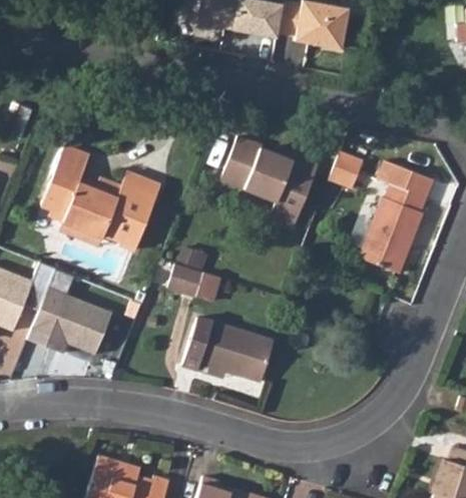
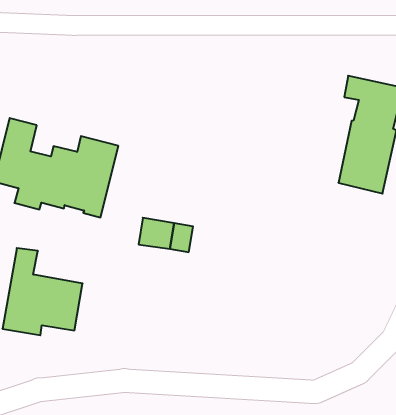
building: [220,134,320,226] -> none
building: [333,150,366,188] -> none
building: [180,315,272,382] -> none

